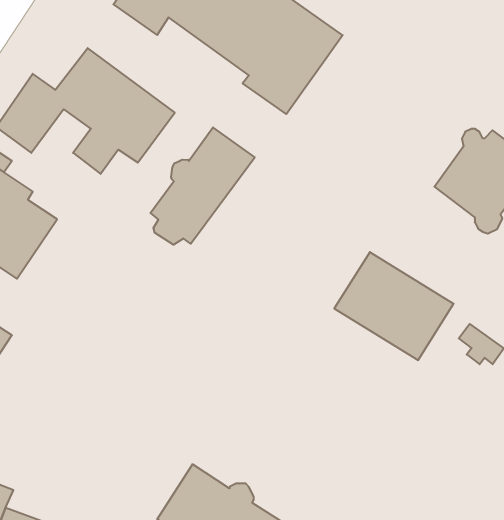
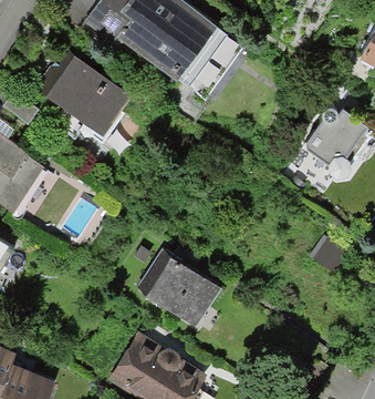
building: [150,127,255,245] -> none
building: [334,252,454,360] -> [138,253,220,327]

